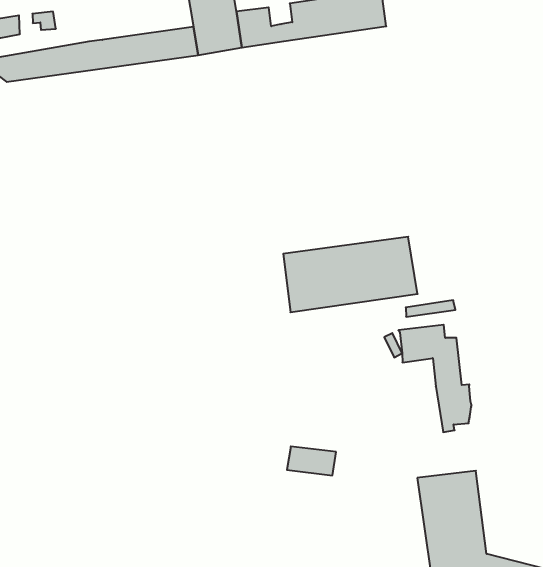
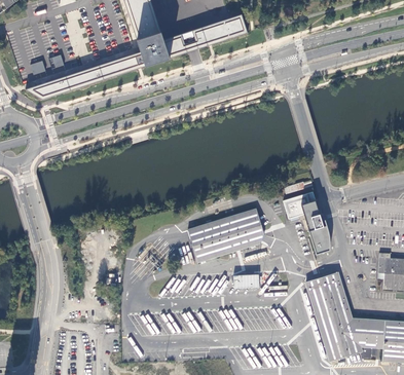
building: [283,237,418,312] -> [187,209,265,261]

